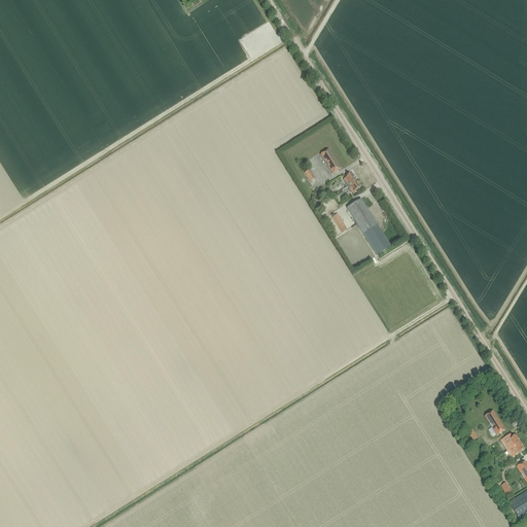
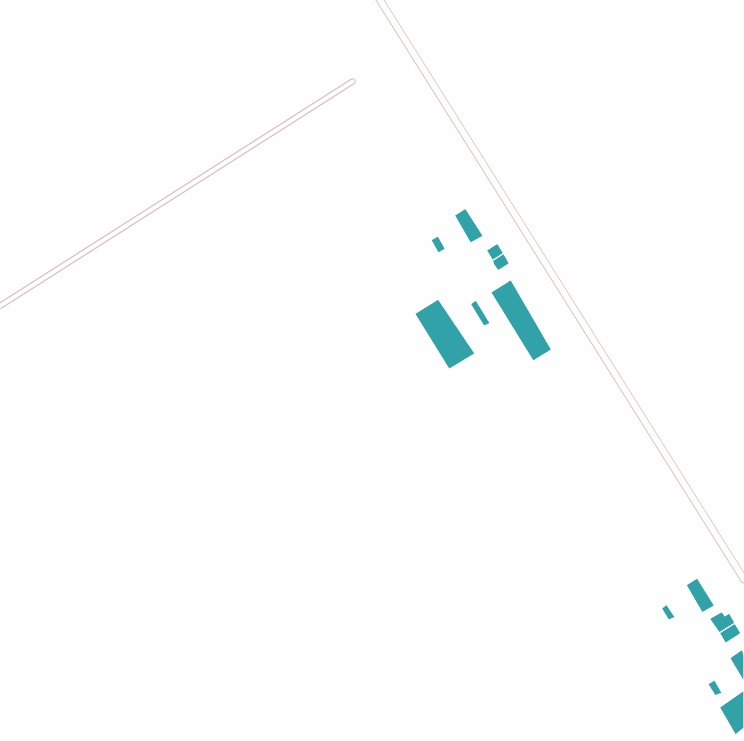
building: none -> [415,299,475,370]

